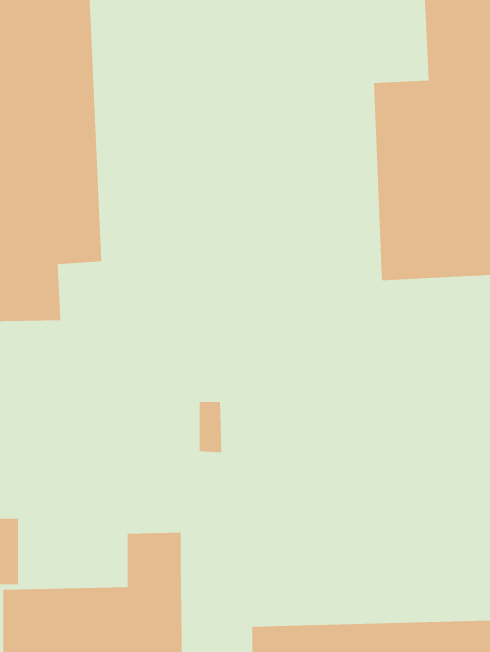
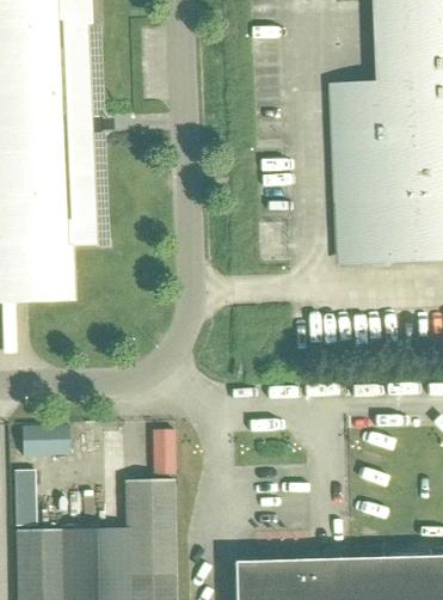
building: [199,401,222,453] -> [154,431,174,477]
building: none -> [20,427,68,458]

